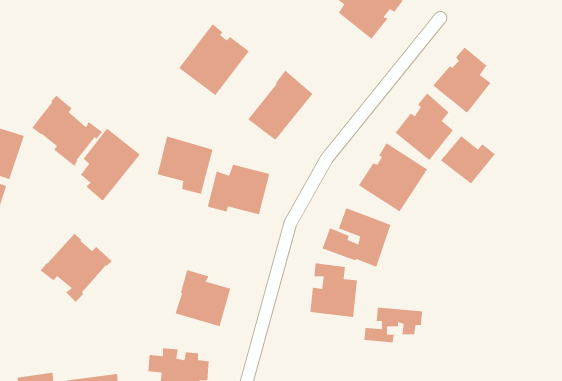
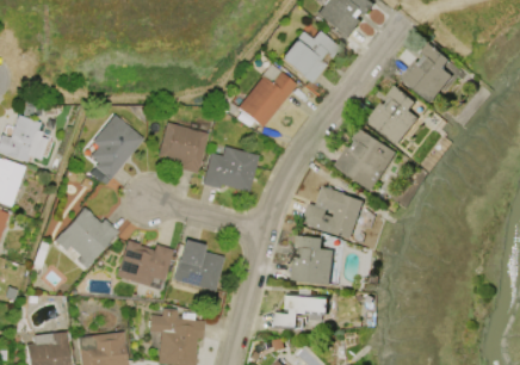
building: [178,23,250,96] -> none
building: none -> [279,31,339,83]
building: [31,94,103,167] -> none
building: [440,135,496,185] -> none
building: none -> [116,240,173,286]
building: [364,307,423,343] -> [277,295,329,327]

